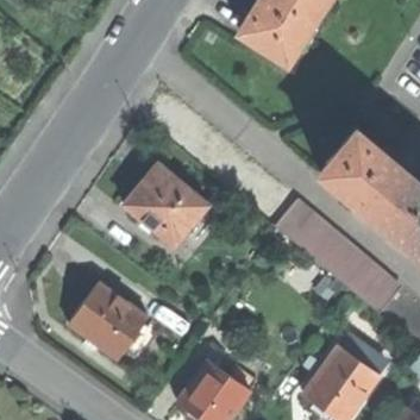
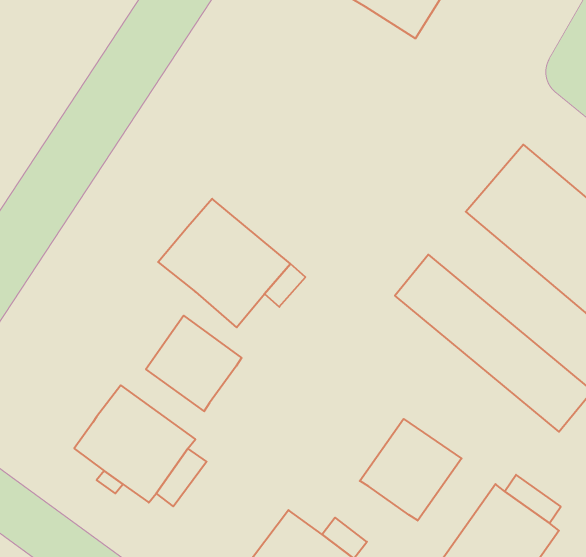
building: none -> [146,316,242,411]
building: none -> [360,419,462,521]

